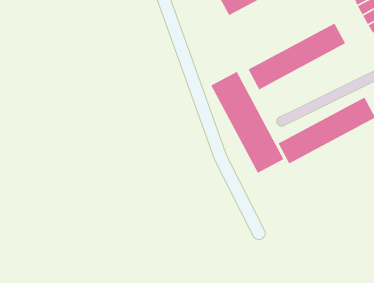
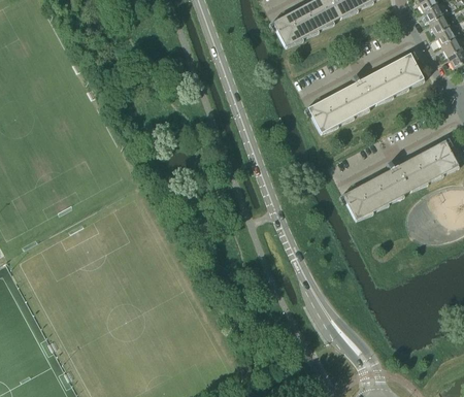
building: [210,71,284,174] -> none

